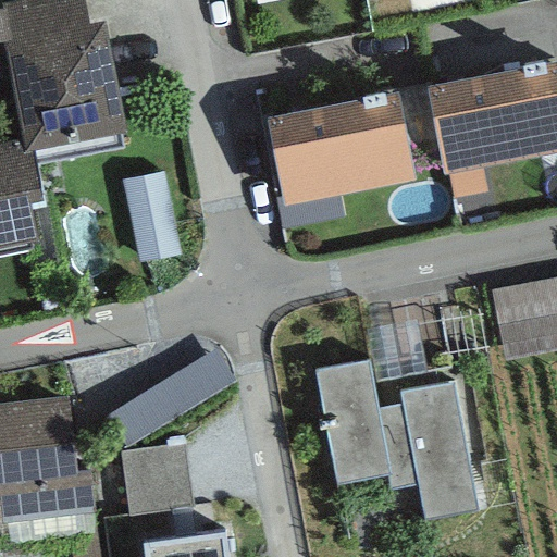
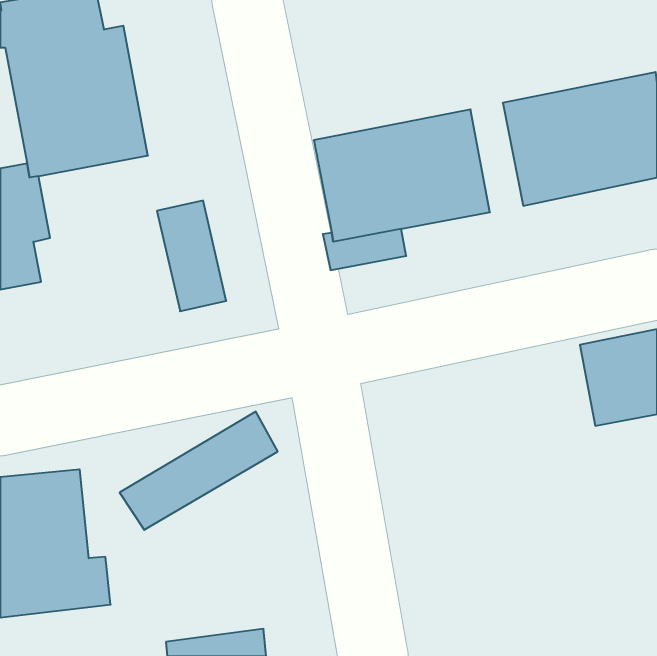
building: [314,359,475,518] -> none
building: [119,444,193,515] -> none

